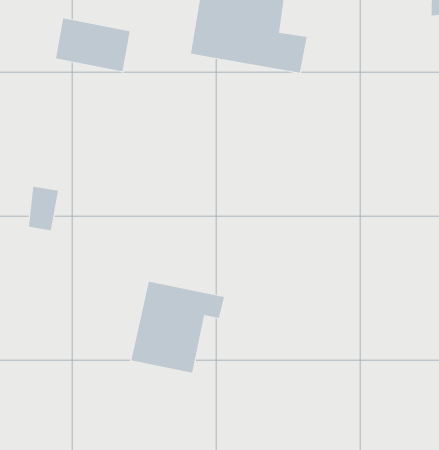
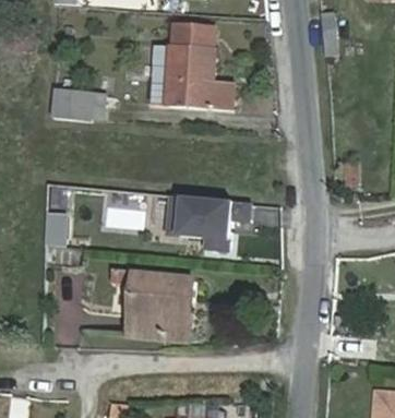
building: none -> [166,194,250,250]

